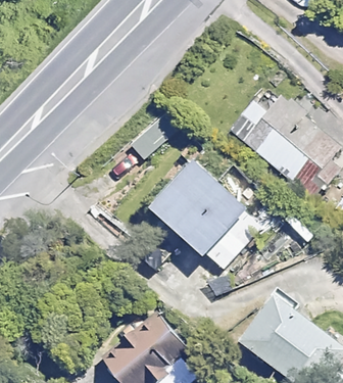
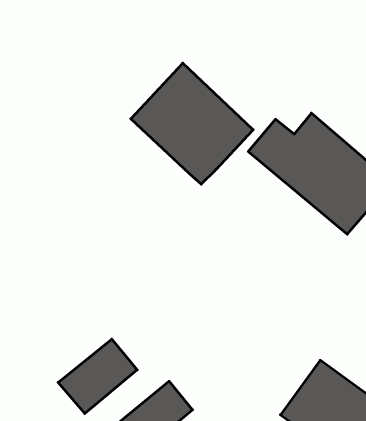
building: [158,167,259,268] -> [131,63,253,184]
building: none -> [58,339,137,414]

